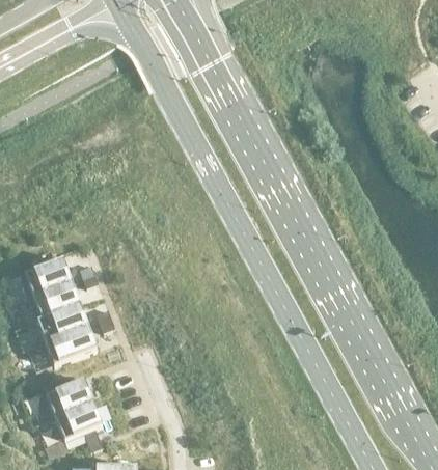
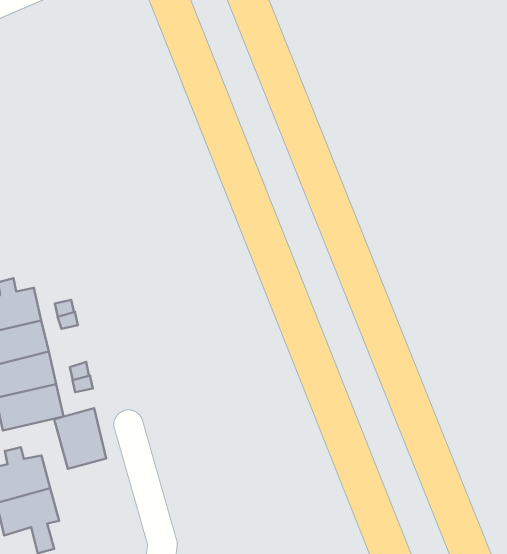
building: none -> [54,408,106,469]

